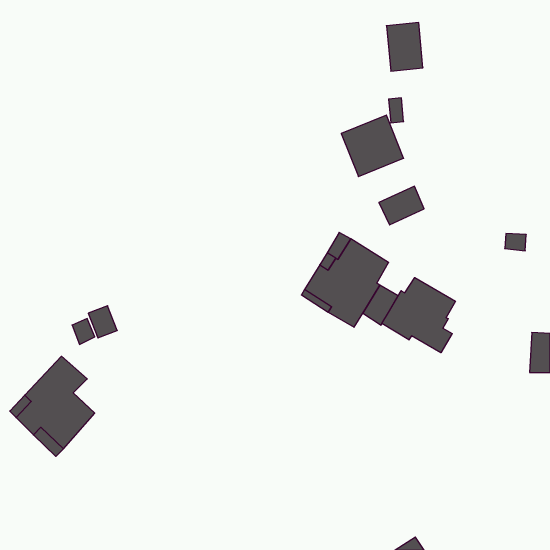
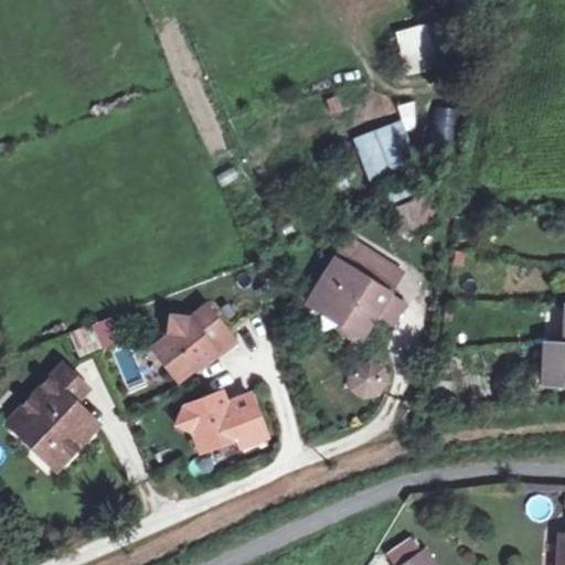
building: [382,278,455,353] -> none
building: none -> [153,305,235,380]
building: none -> [341,351,393,402]
building: none -> [177,392,267,450]

